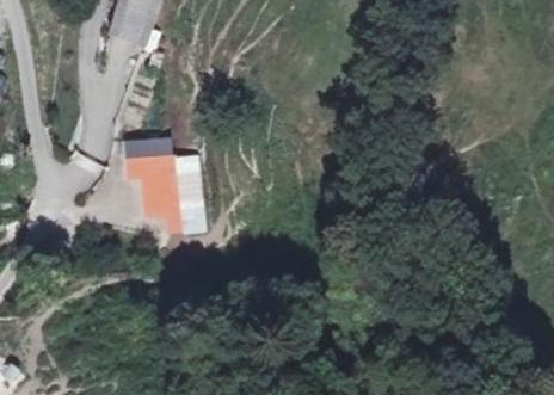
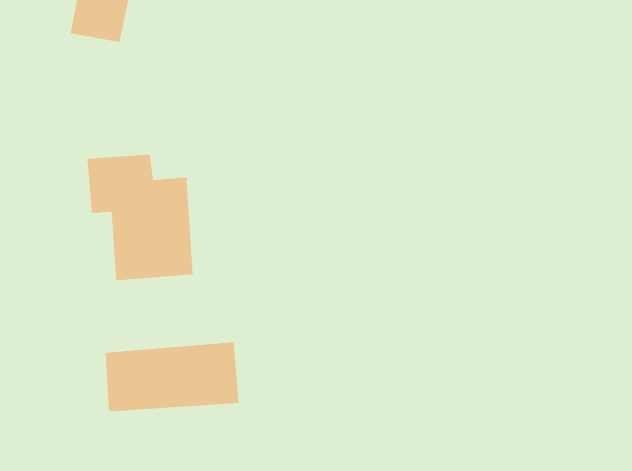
building: none -> [105,342,239,412]

